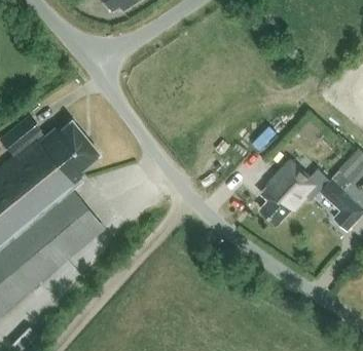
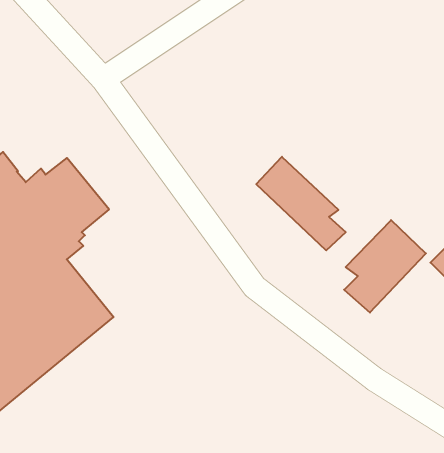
building: none -> [256,157,346,250]

